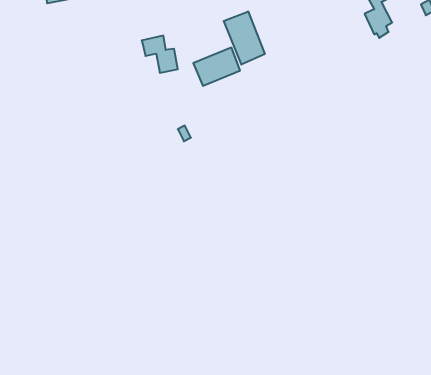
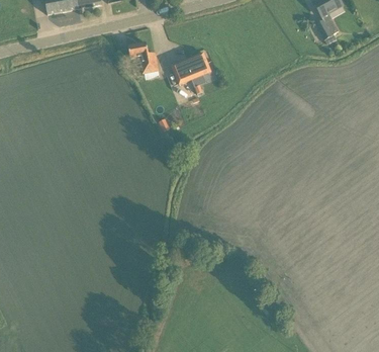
building: [224,11,265,65] -> none

